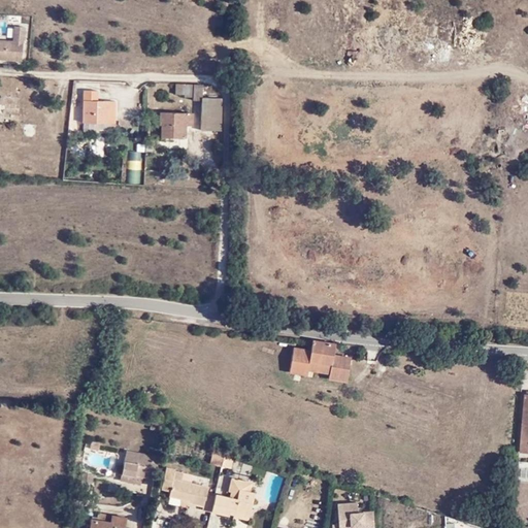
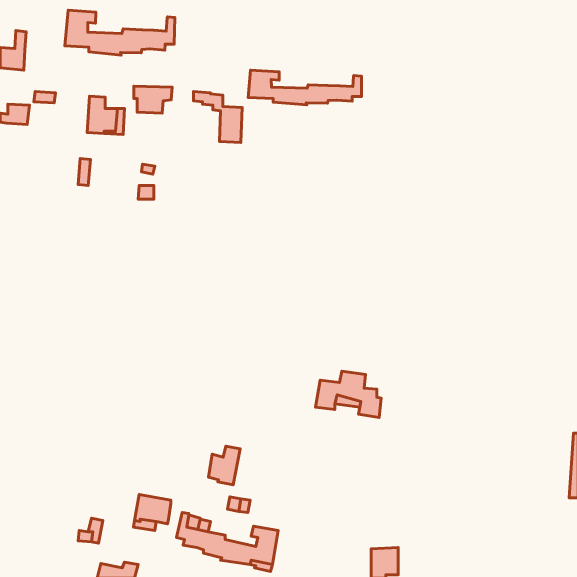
building: none -> [65,10,175,55]
building: none -> [248,70,362,105]
building: [160,113,195,138] -> [134,86,172,113]
building: none -> [209,446,240,485]

